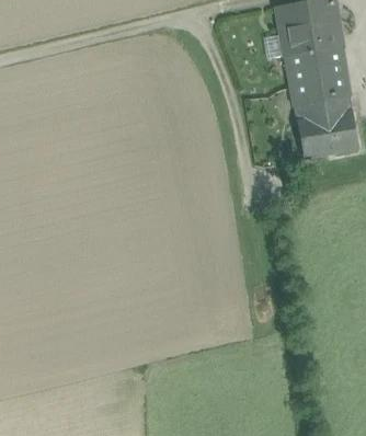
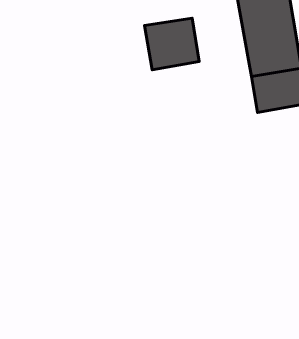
building: none -> [145,18,199,70]

